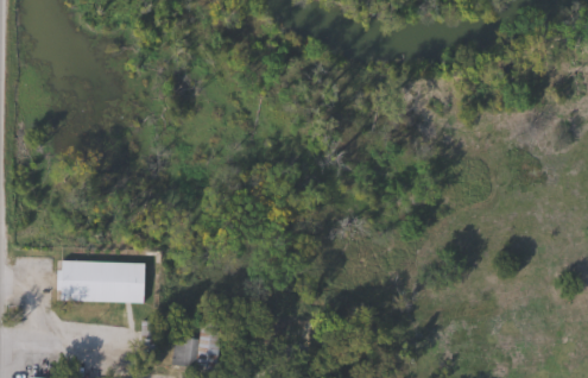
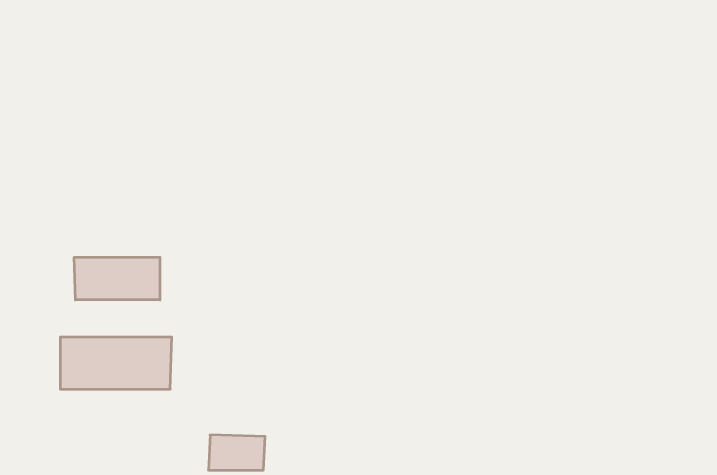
building: none -> [74,257,160,300]

